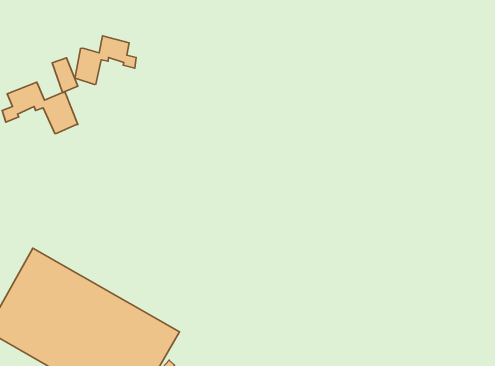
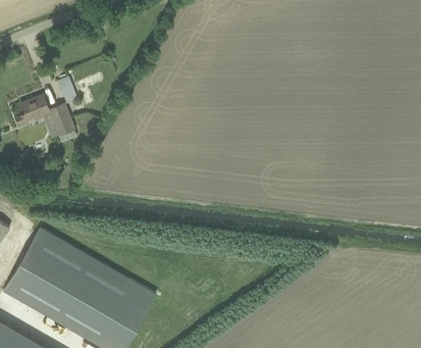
building: [75,36,136,84] -> none

